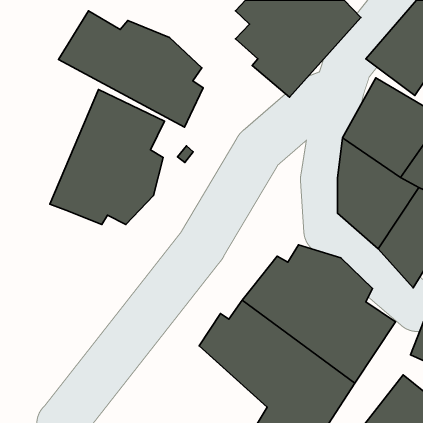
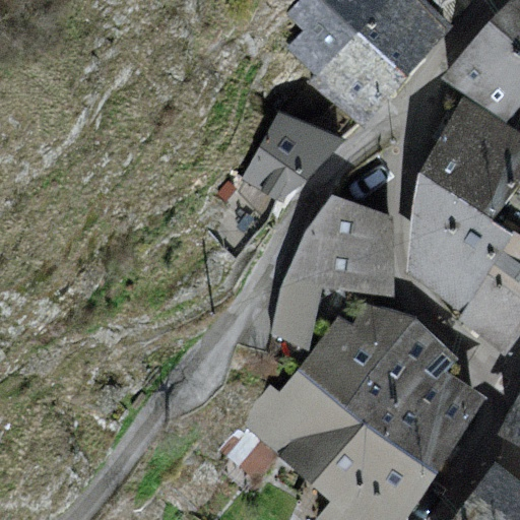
building: [58,11,203,127] -> none
building: [50,90,165,224] -> none
building: none -> [243,112,344,200]
building: none -> [270,194,392,352]

